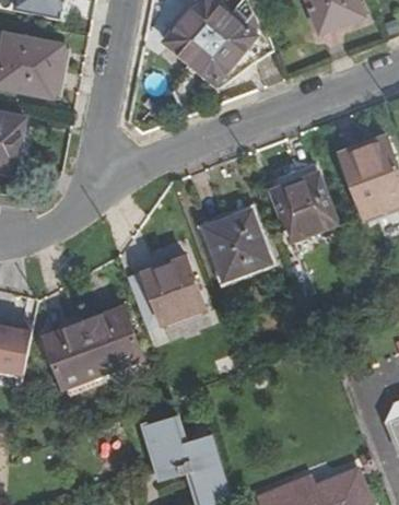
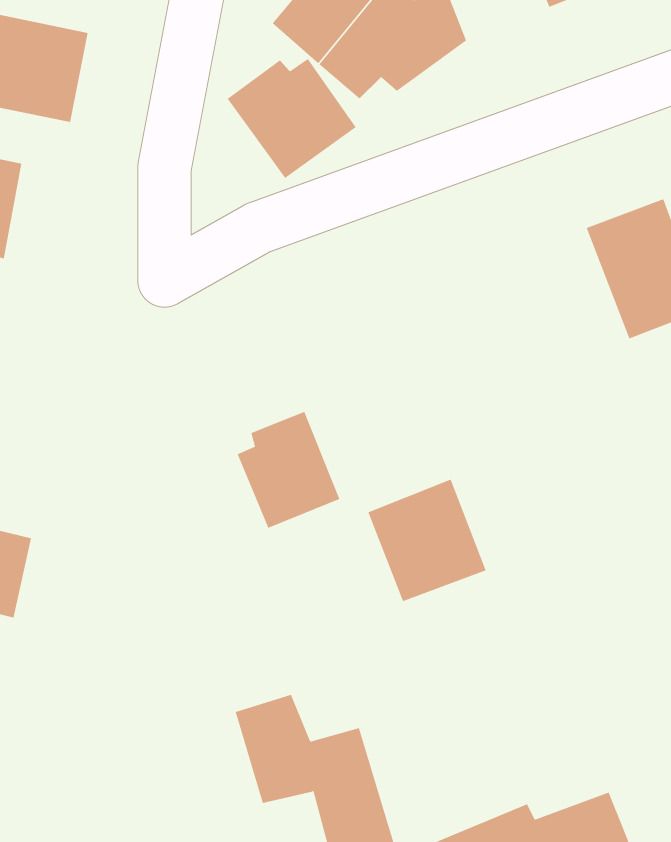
building: none -> [227,58,356,179]
building: [268,164,338,243] -> none
building: [203,211,270,280] -> [367,479,486,602]
building: [44,306,144,389] -> none

